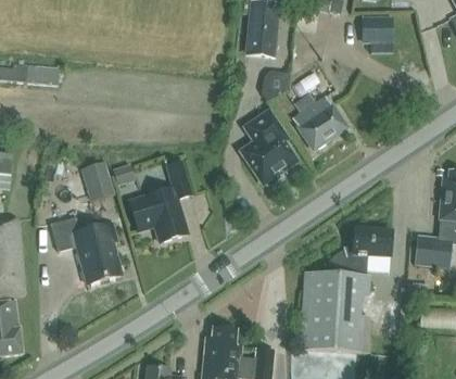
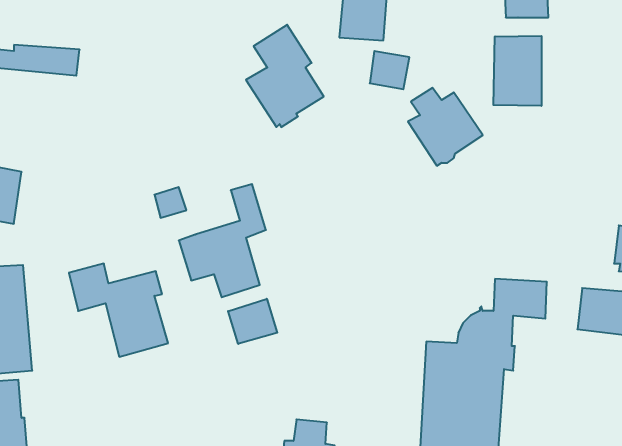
building: none -> [493,36,541,106]
building: [241,111,296,184] -> [246,25,324,127]
building: [80,161,114,200] -> none
building: none -> [228,299,277,344]

